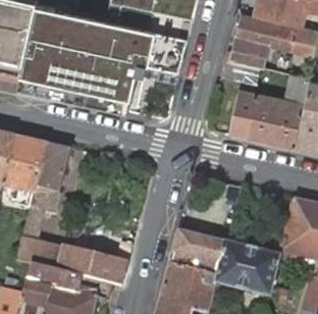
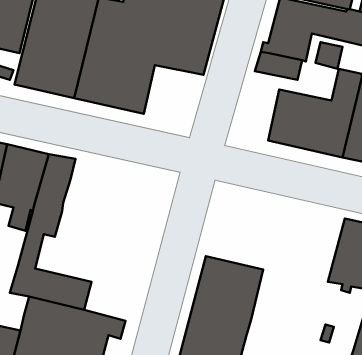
building: [212,241,279,299] -> none
building: [76,242,131,285] -> none

